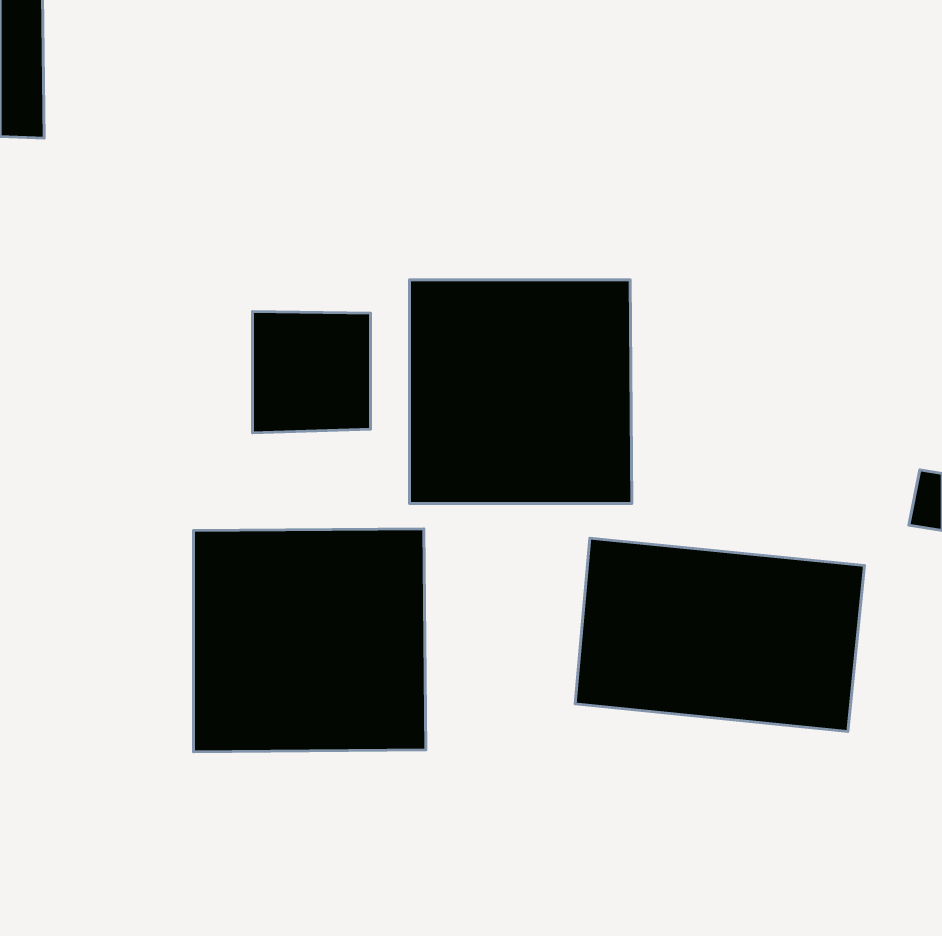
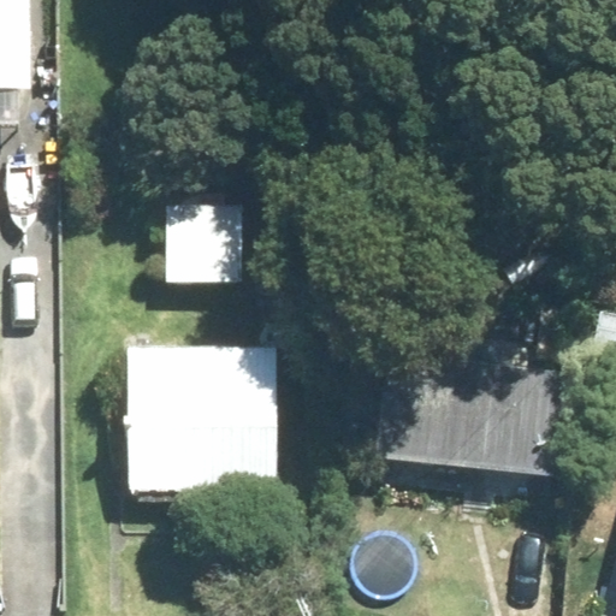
building: [410,280,632,504] -> none

